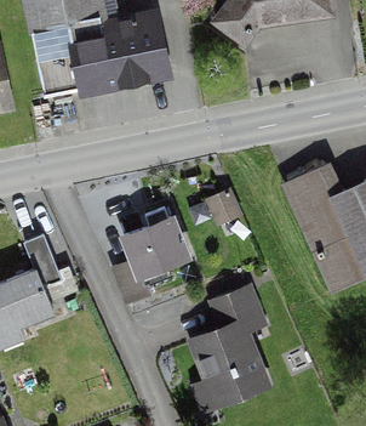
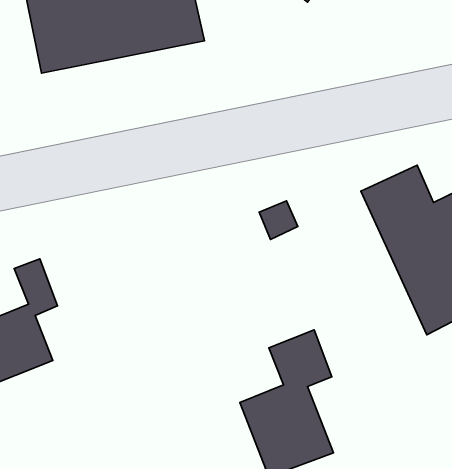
building: [114,208,185,302] -> none

